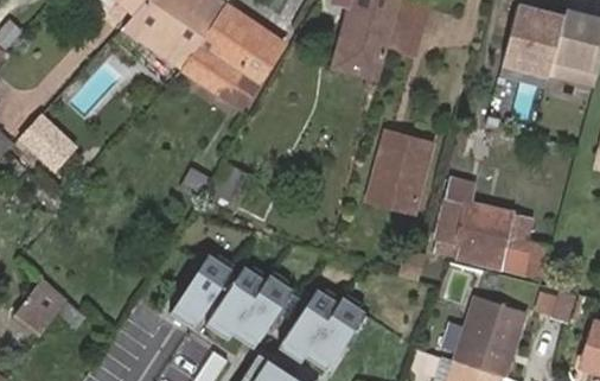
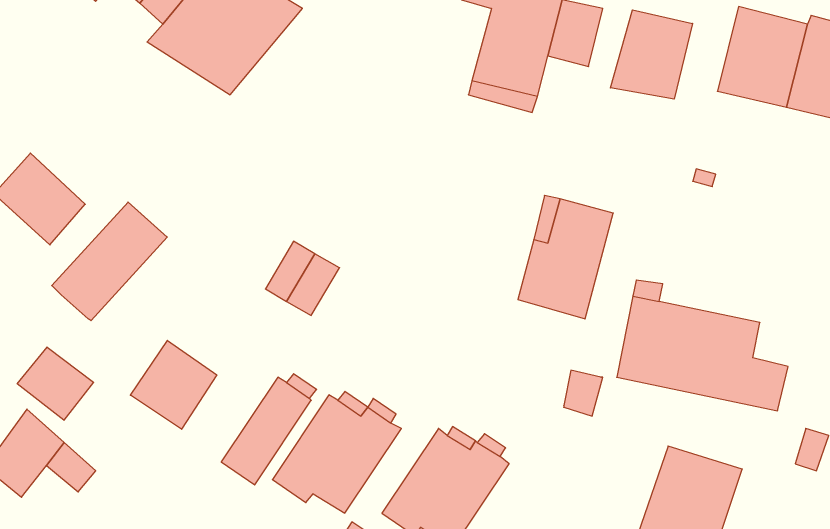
building: [177,7,279,107] -> none
building: none -> [610,10,693,99]
building: none -> [52,202,167,321]
building: none -> [130,340,217,429]
building: none -> [17,347,94,420]

